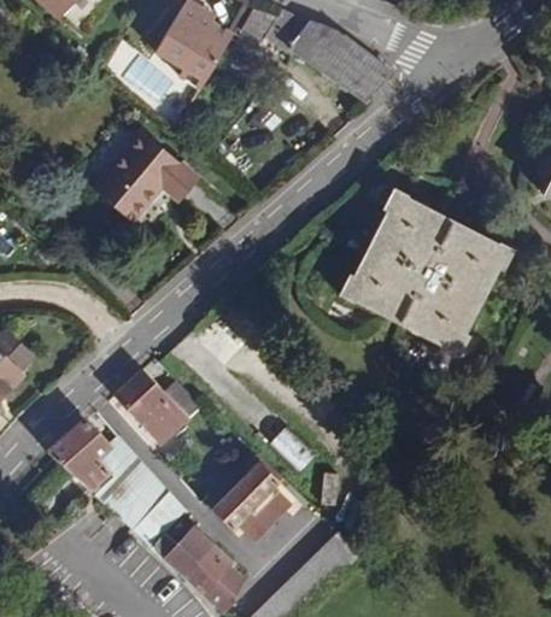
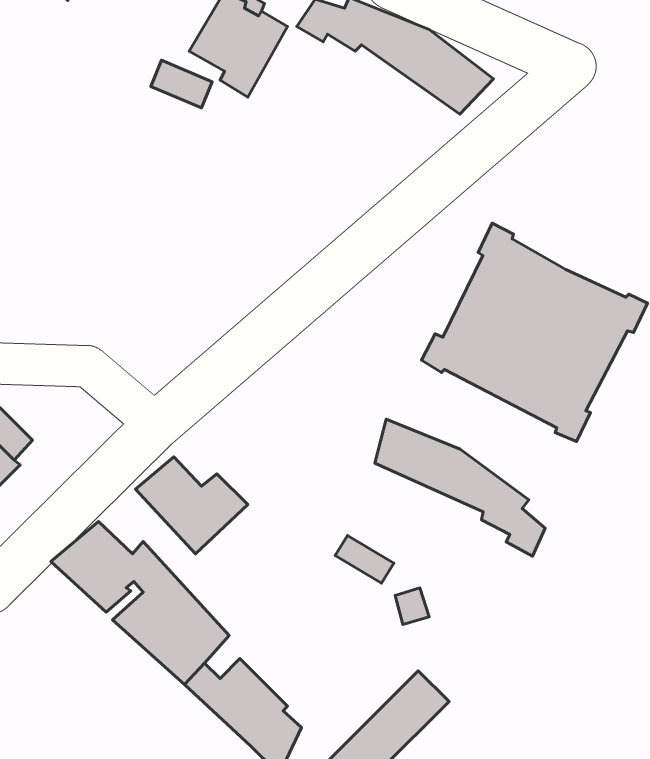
building: [95,130,199,221] -> none
building: none -> [375,419,545,556]
building: [212,463,293,542] -> none

